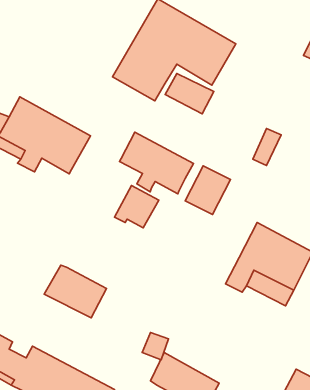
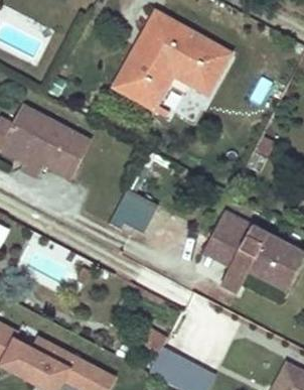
building: [119,132,194,194] -> none
building: [185,166,230,214] -> [207,209,251,255]
building: [44,265,106,318] -> none

